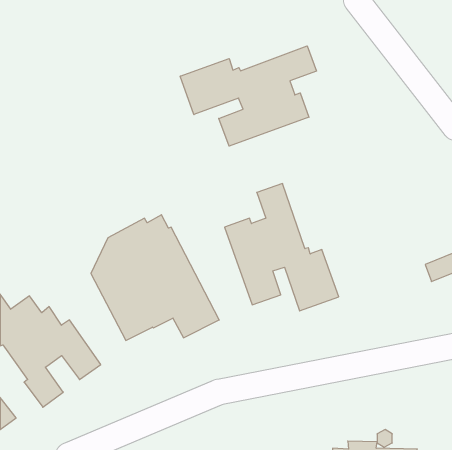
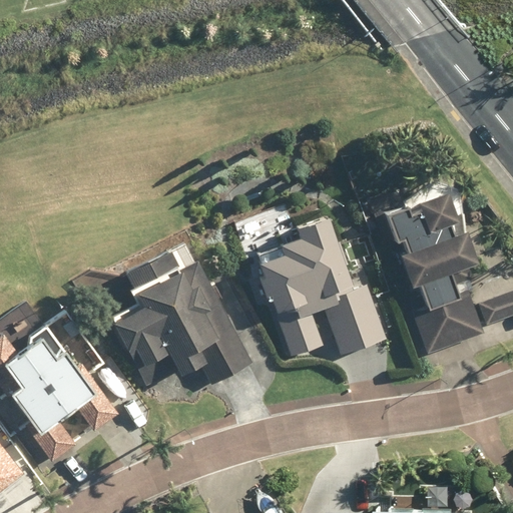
building: [180,46,316,146] -> none
building: none -> [390,196,485,352]

